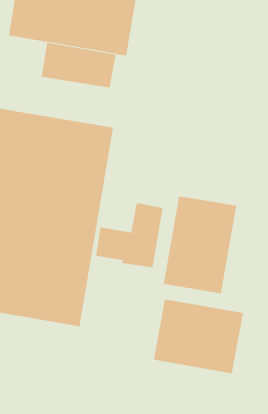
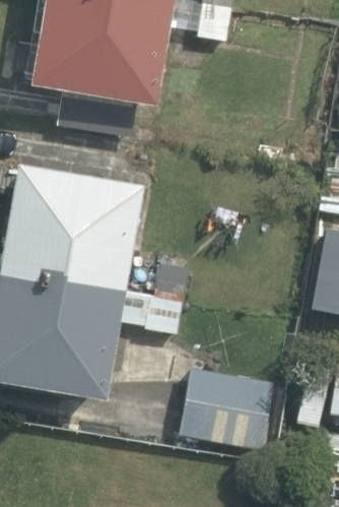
building: [163,196,237,294] -> none

